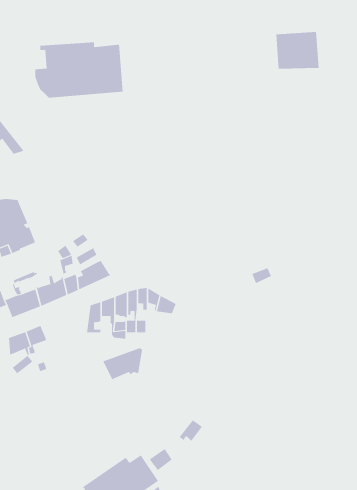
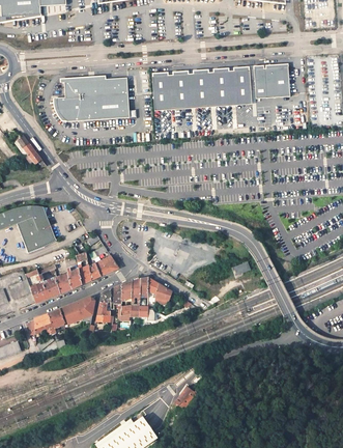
building: none -> [152,68,252,110]
building: [103,347,143,380] -> [61,297,94,324]

